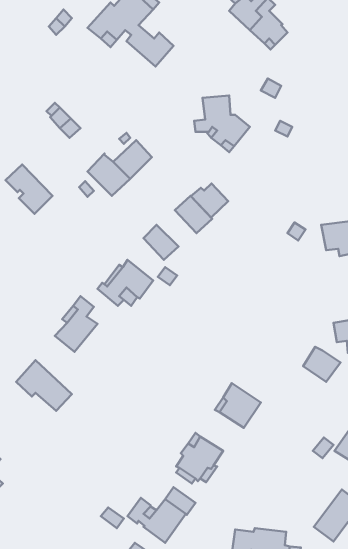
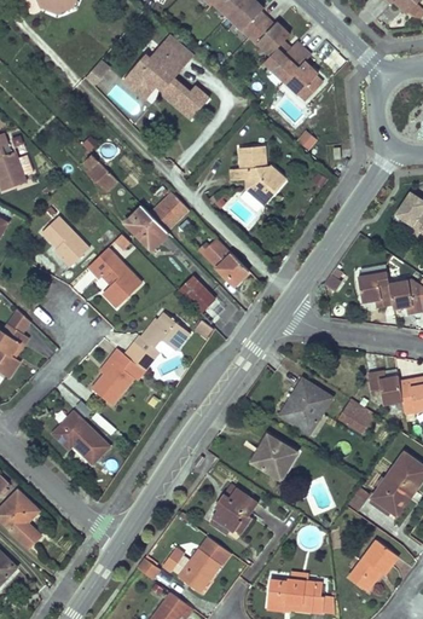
building: [191,183,228,217] -> none
building: none -> [88,245,141,305]
building: none -> [279,377,331,432]

